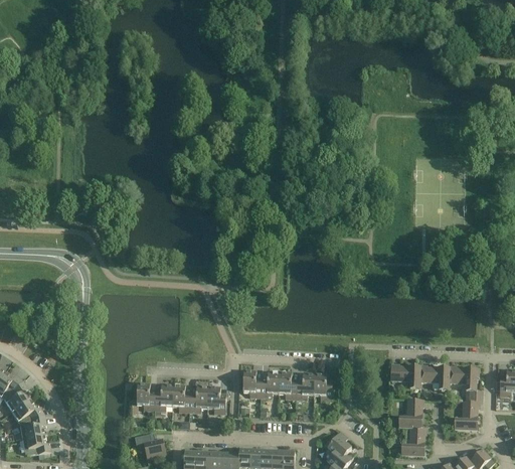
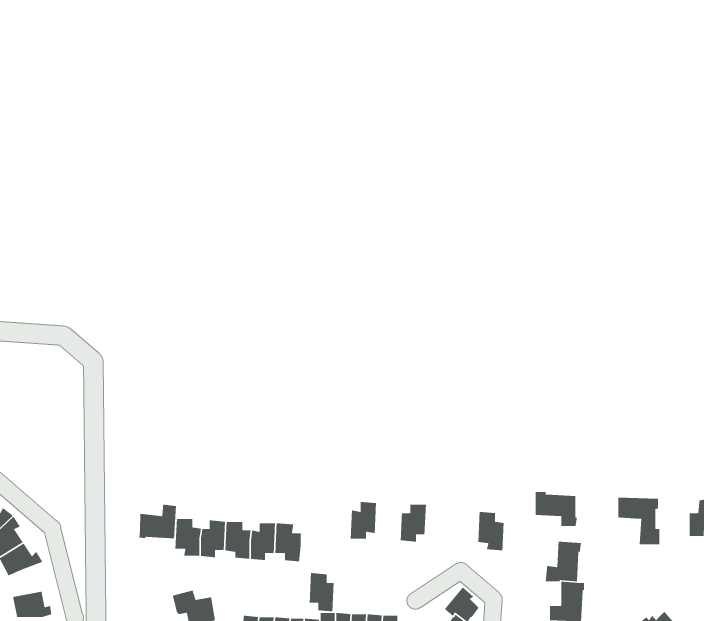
building: [419,366,450,389] -> none
building: [242,369,261,398] -> [309,572,335,612]
building: [278,371,296,399] -> none
building: none -> [138,504,177,539]
building: [313,372,332,401] -> [477,511,504,551]
building: [454,401,479,430] -> none
building: [18,414,45,438] -> none

